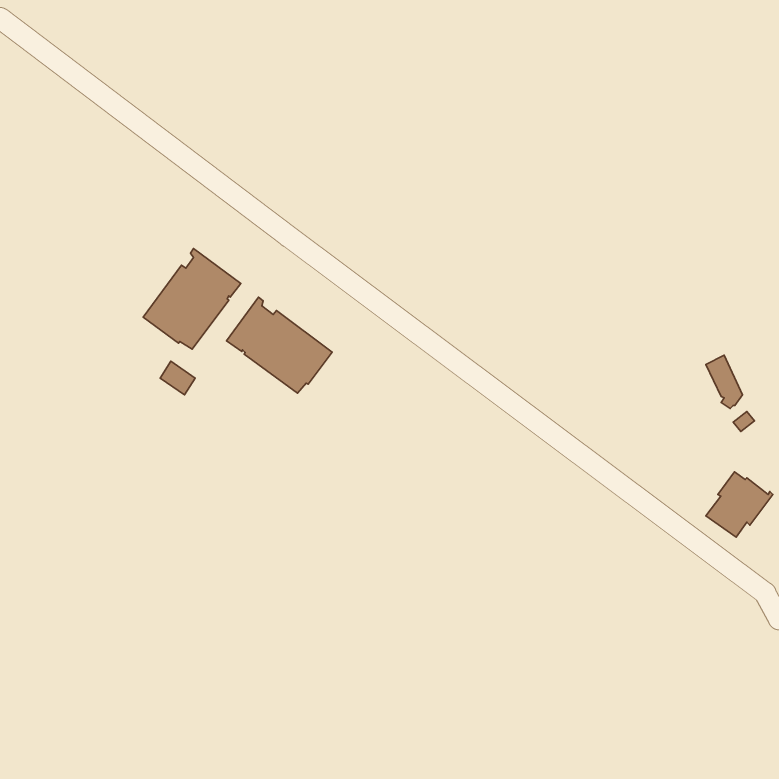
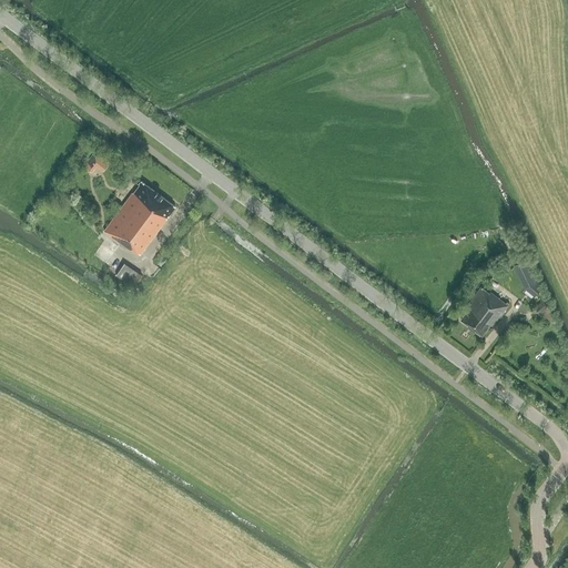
building: [226,297,332,393] -> none
building: [706,472,773,537] -> [460,287,509,335]

